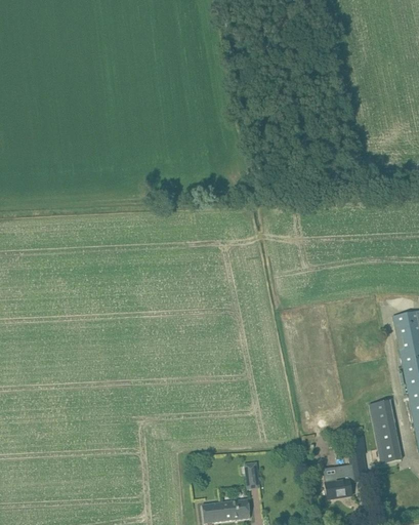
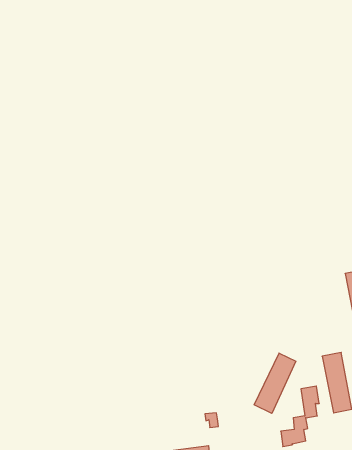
building: none -> [254,353,296,413]

